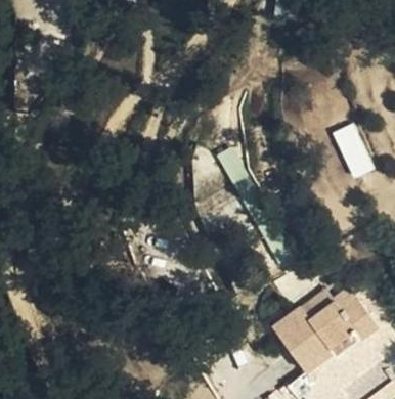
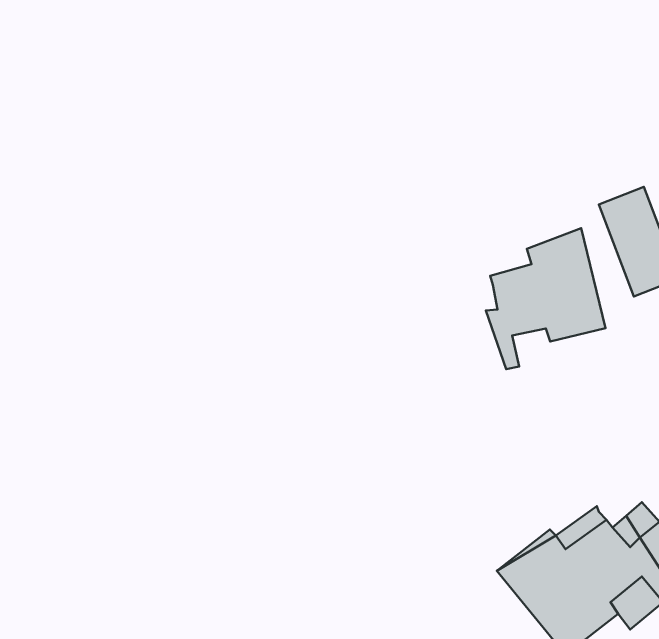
building: none -> [486,228,605,369]

